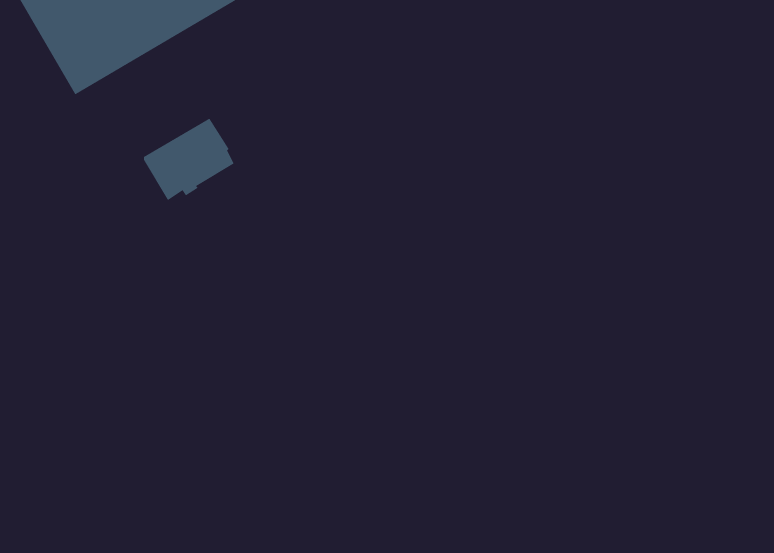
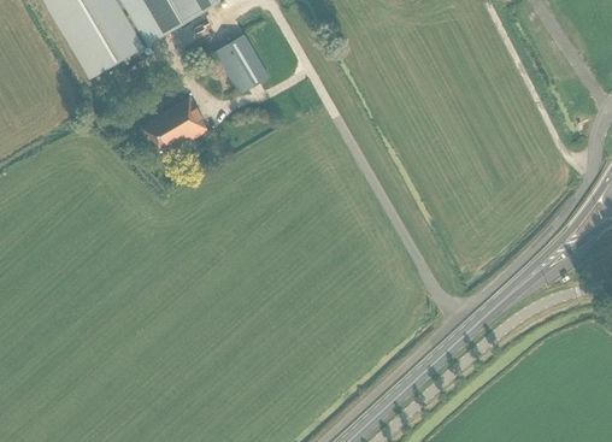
building: none -> [217,33,270,92]

